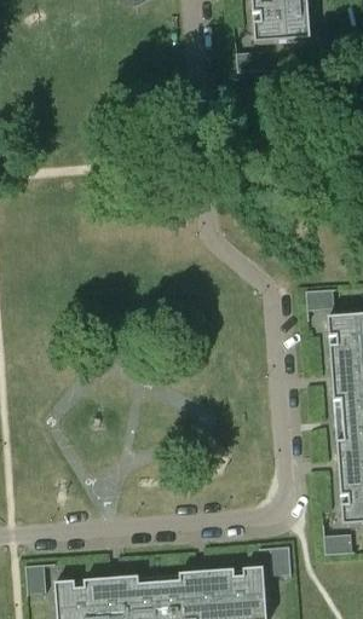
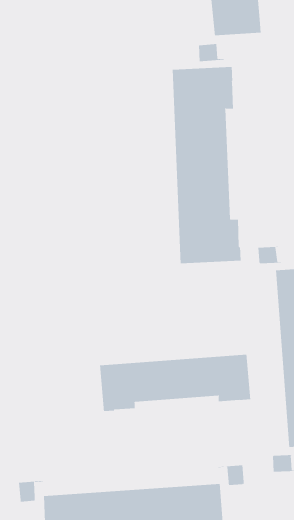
building: none -> [172,66,241,264]
building: none -> [99,354,251,412]

